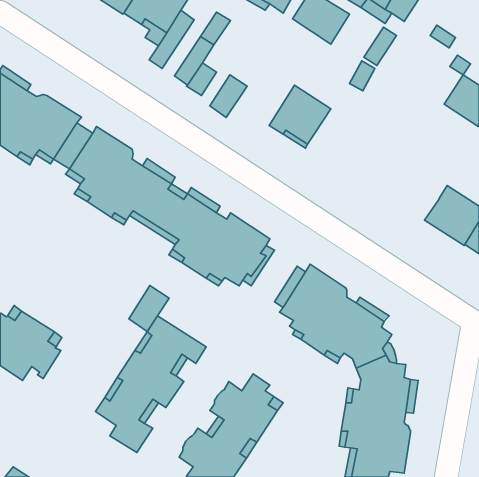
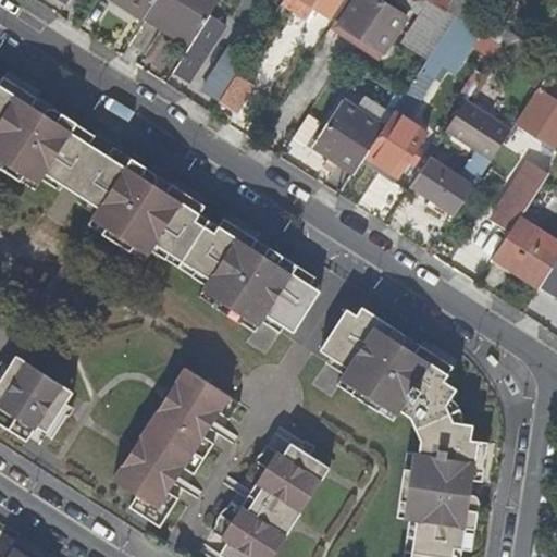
building: [210,75,247,117] -> none
building: none -> [446,100,510,158]
building: none -> [366,110,425,175]
building: none -> [410,156,474,213]
building: none -> [491,161,547,232]
building: [129,286,169,331] -> none

